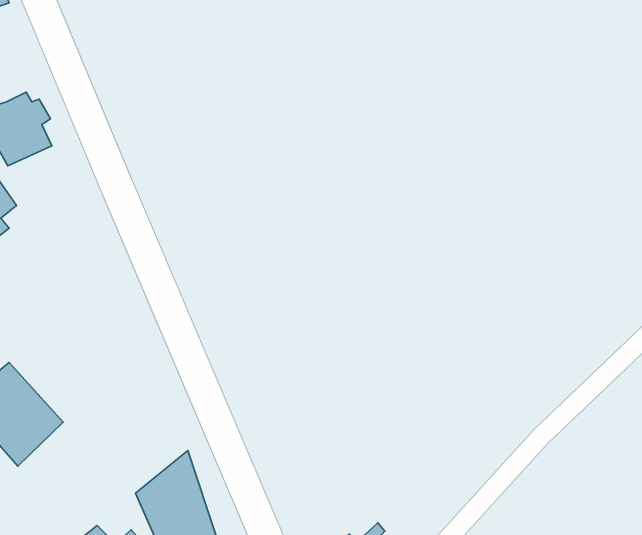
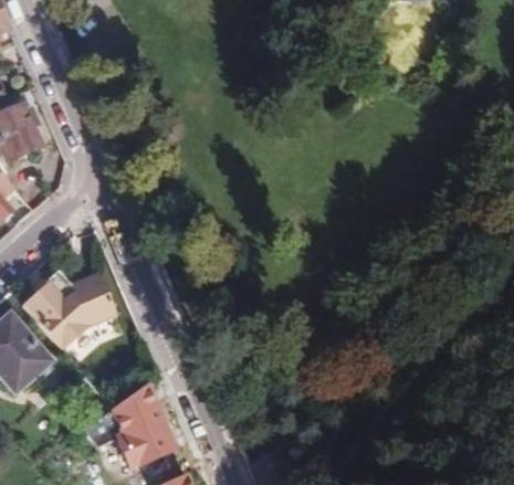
building: none -> [22,268,115,348]

